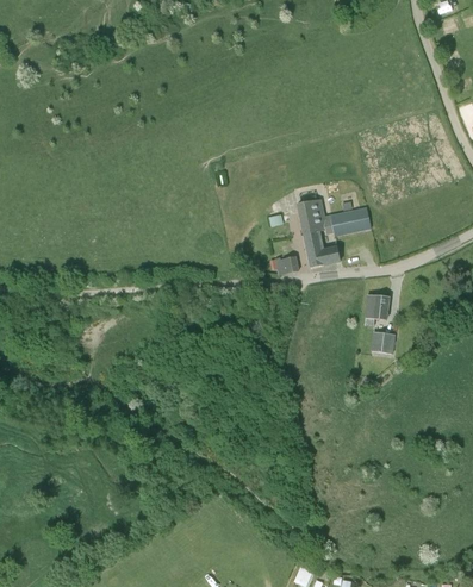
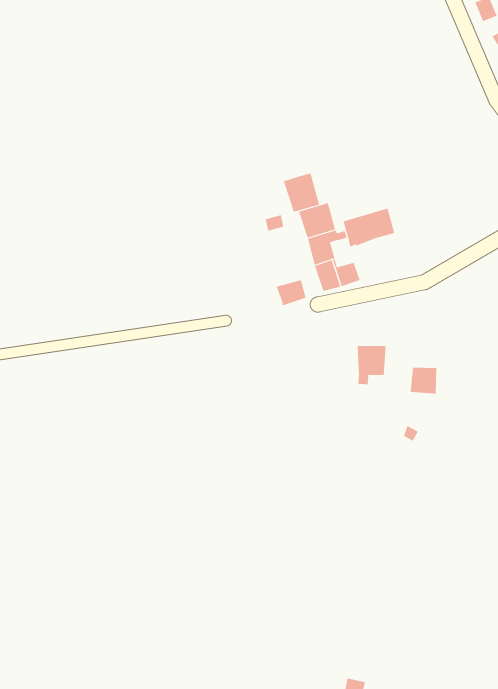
building: none -> [283,172,320,213]
building: [363,294,388,325] -> [357,345,387,385]

